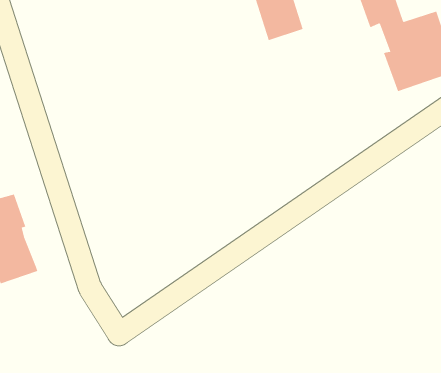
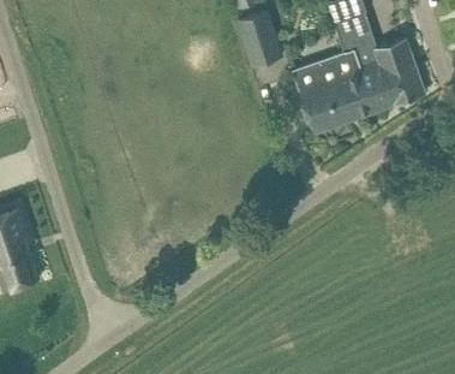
building: none -> [292,51,370,132]

